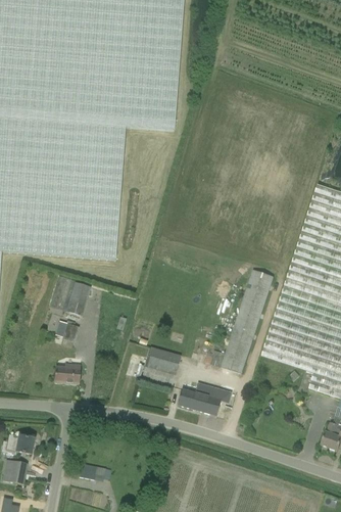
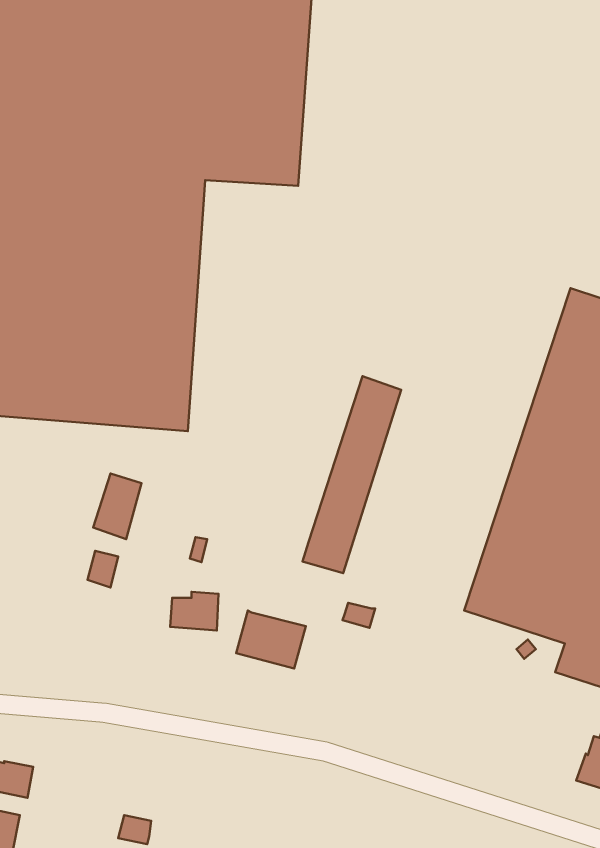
building: [222,267,274,371] -> [303,376,401,573]
building: [55,361,81,381] -> [170,592,219,631]
building: [179,383,231,415] -> none

